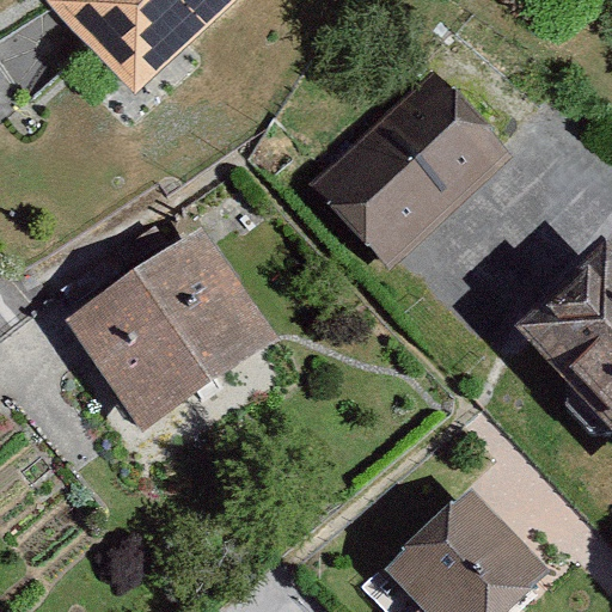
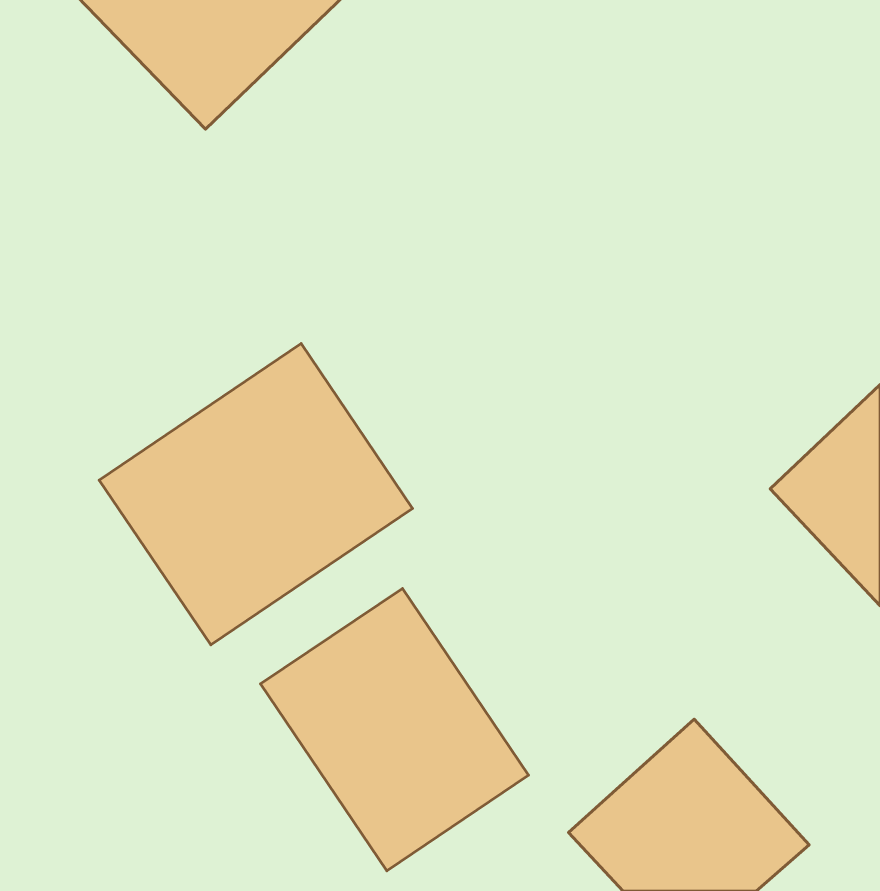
building: [307,71,509,267] -> none
building: none -> [261,588,529,871]

